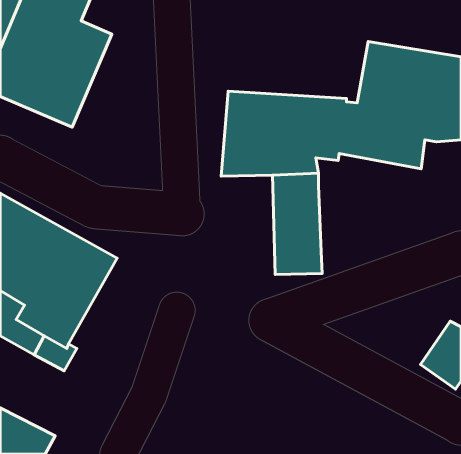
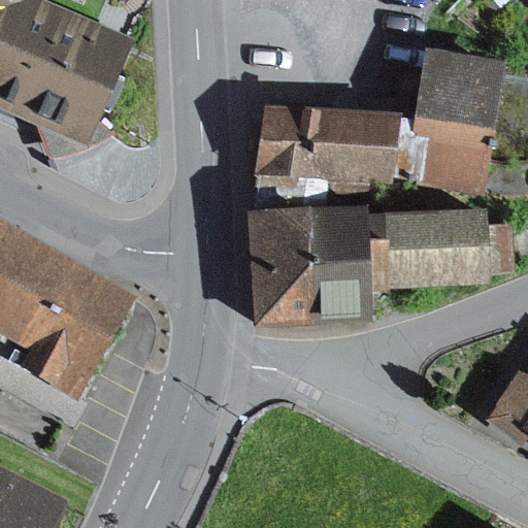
building: none -> [253,200,315,317]
building: none -> [364,206,513,288]

